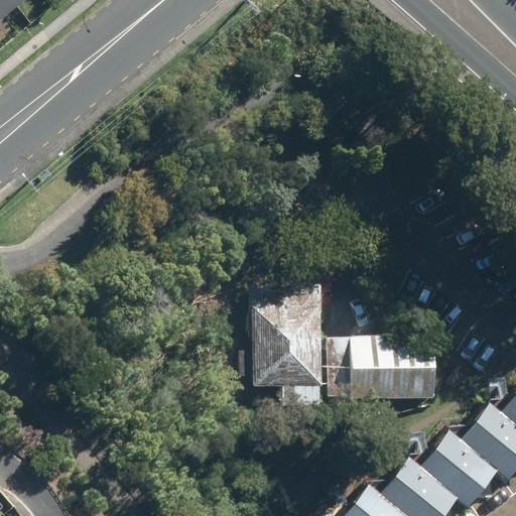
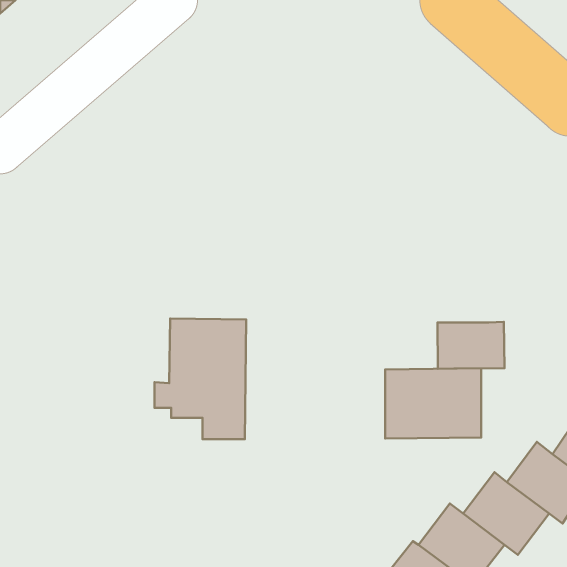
building: none -> [437,322,504,369]
building: [240,294,322,403] -> [155,319,246,439]

